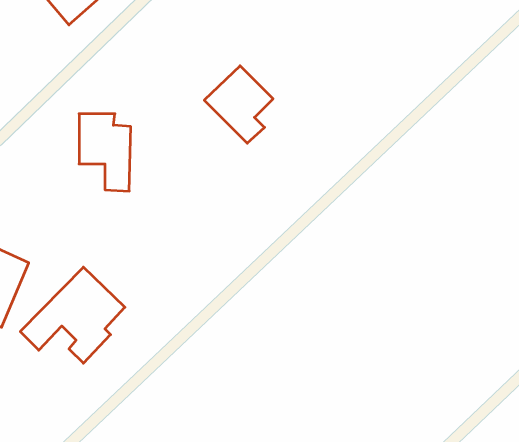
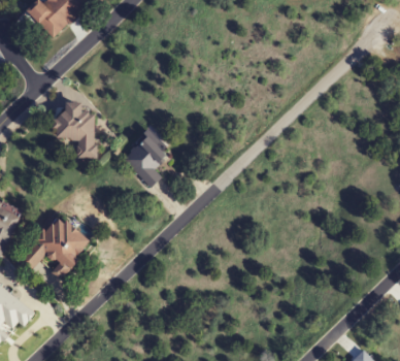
building: [204,66,273,143] -> [120,133,169,189]

